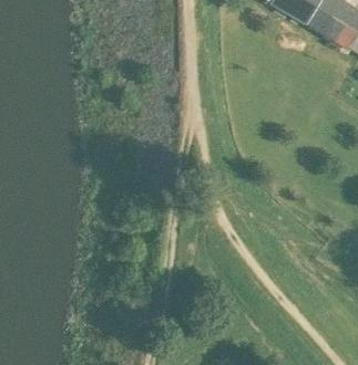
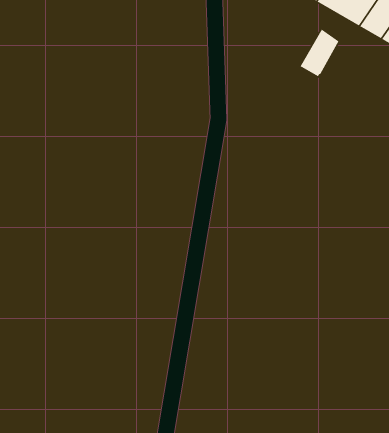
building: none -> [300,28,340,77]

